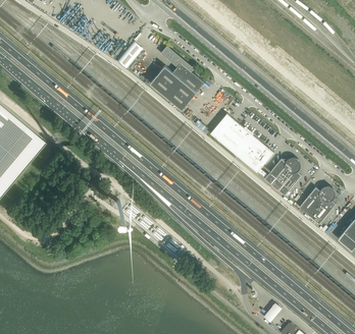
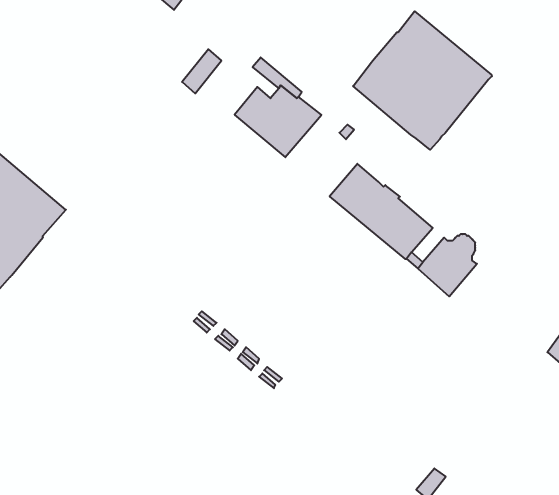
building: none -> [353,11,492,150]
building: [298,186,335,224] -> none

